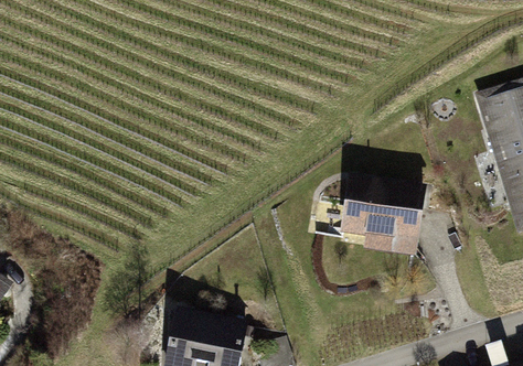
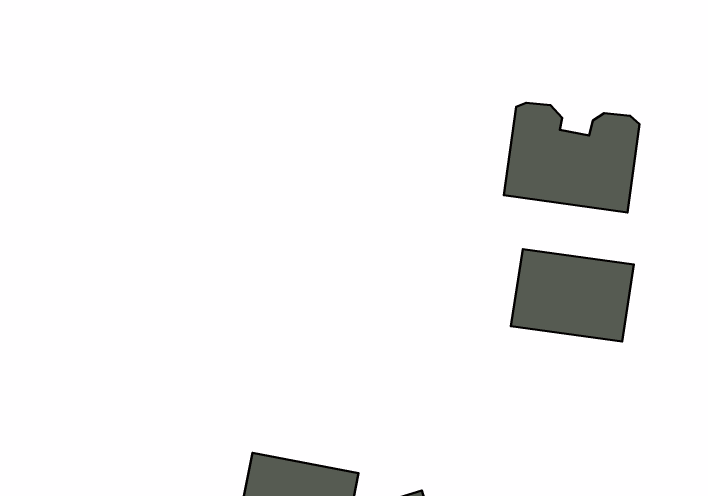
building: none -> [504,103,640,212]

